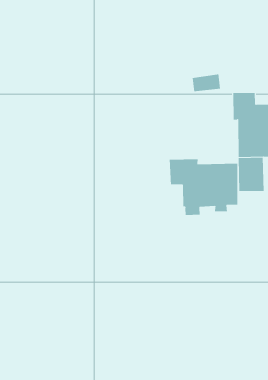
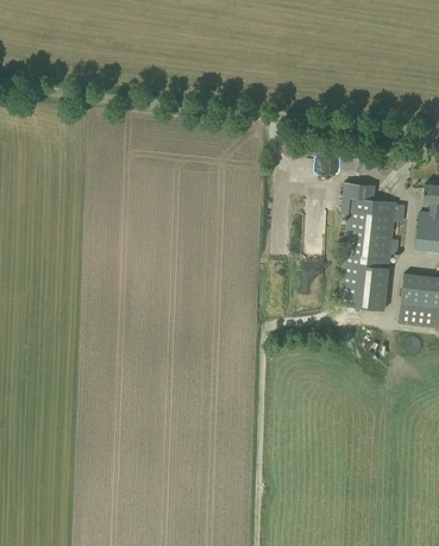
building: [169,158,238,216] -> none

